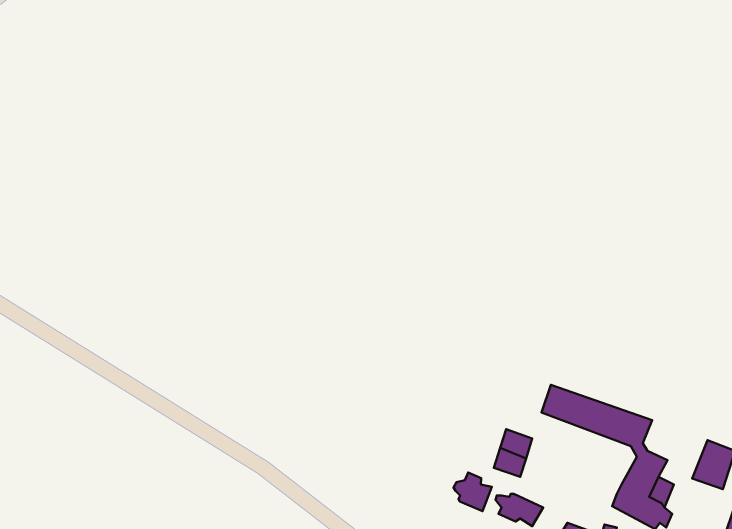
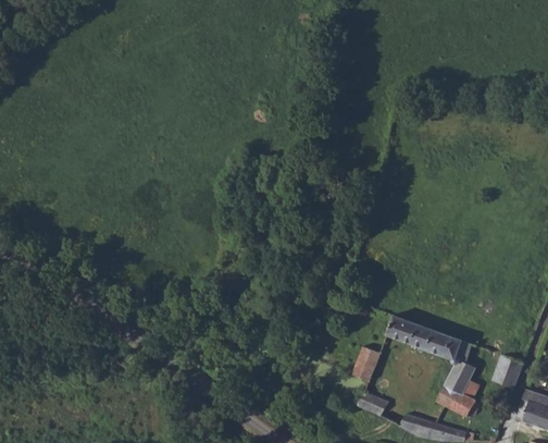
building: [454,472,492,511] -> none

